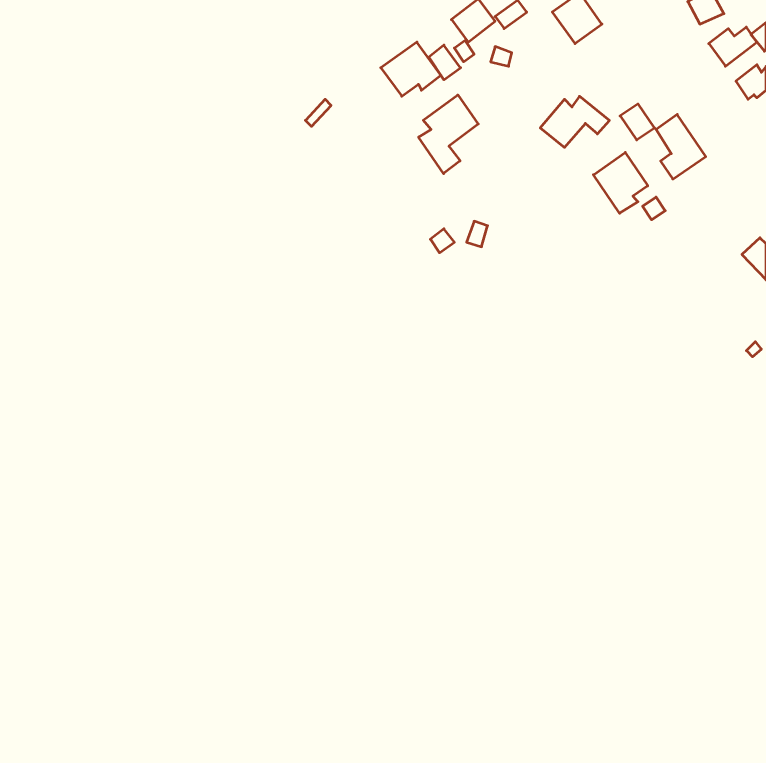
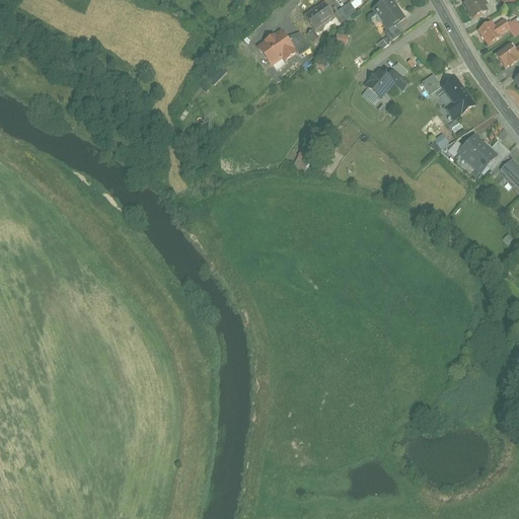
building: [419,95,478,174] -> none
building: [593,152,648,213] -> none
building: none -> [457,134,498,174]

